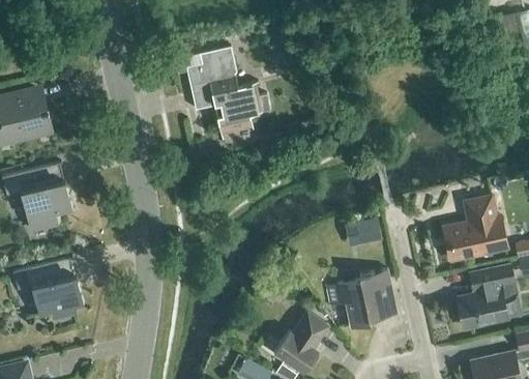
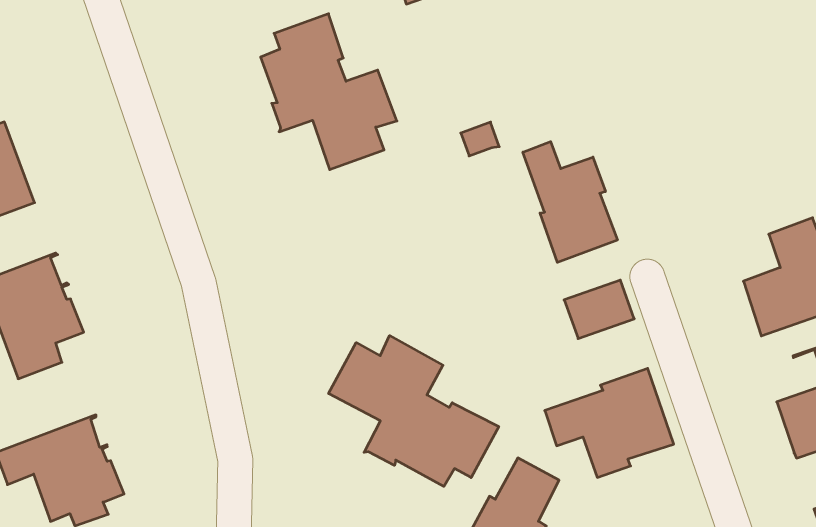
building: none -> [523,142,617,262]
building: none -> [329,336,499,486]

